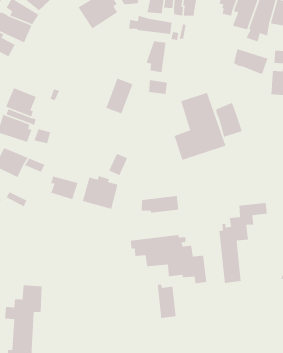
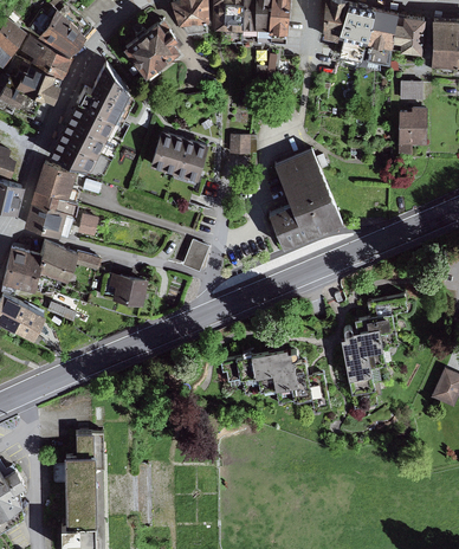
building: [128,15,173,35] -> none
building: none -> [50,59,135,169]
building: [145,40,167,73] -> none
building: [233,48,268,75] -> none
building: none -> [151,130,186,174]
building: [216,102,243,138] -> none
building: [82,175,118,210] -> none
building: [141,195,179,213] -> none
building: [157,284,177,319] -> none

